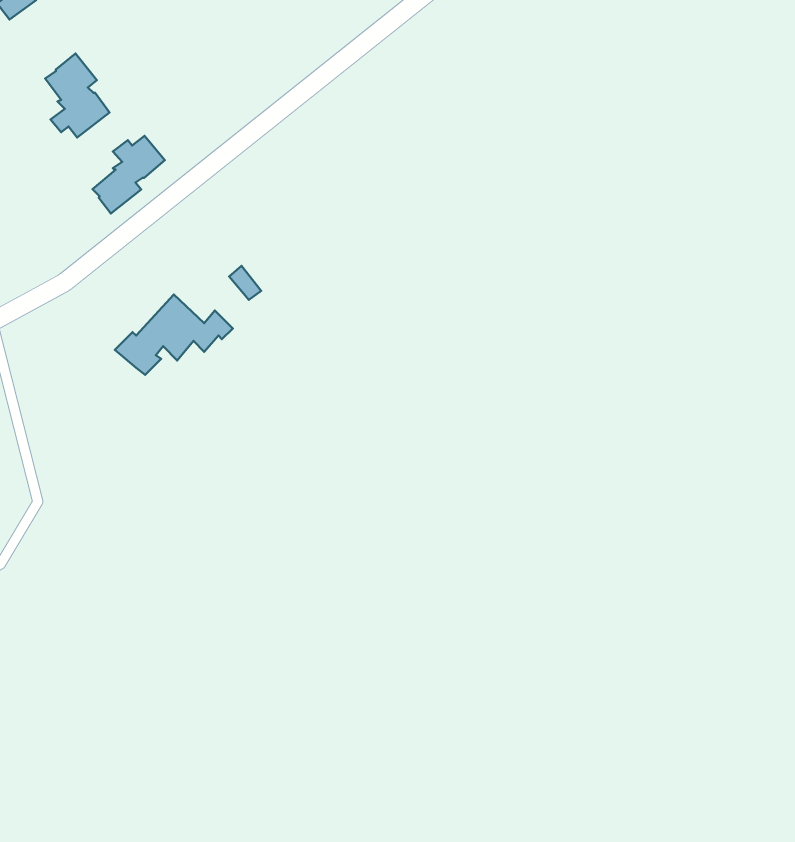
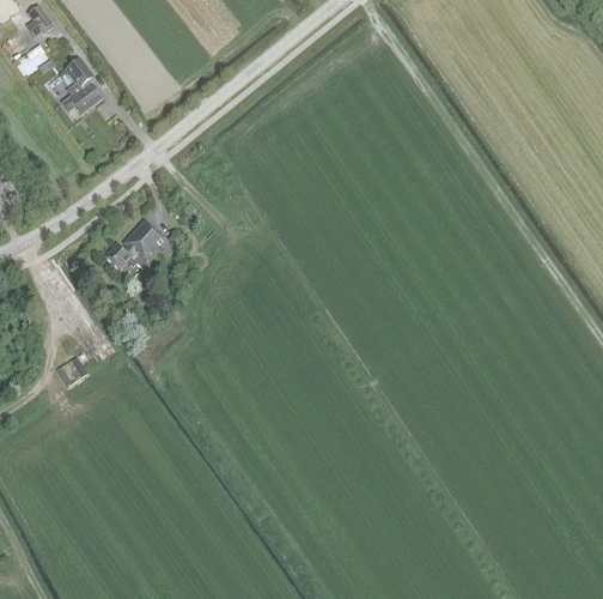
building: [92,136,165,213] -> none

